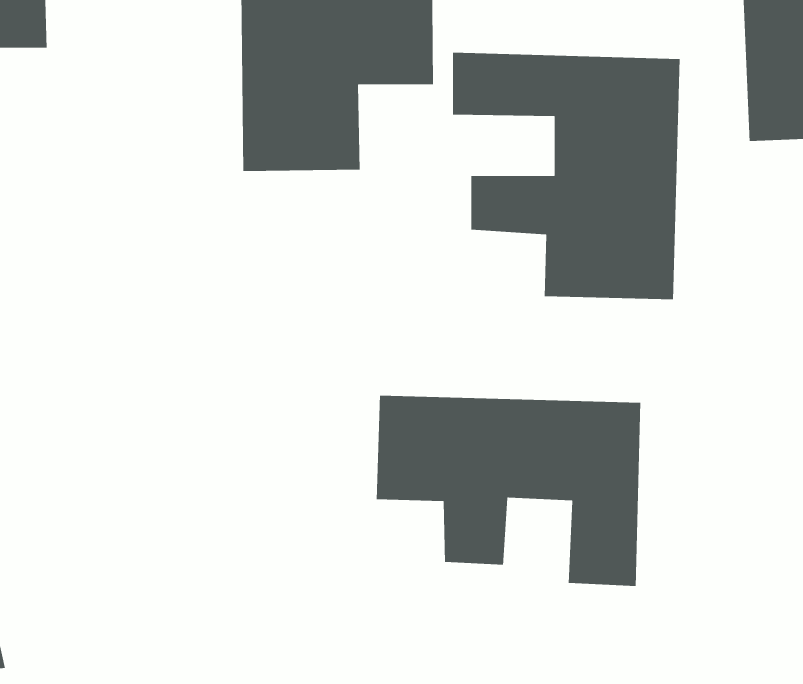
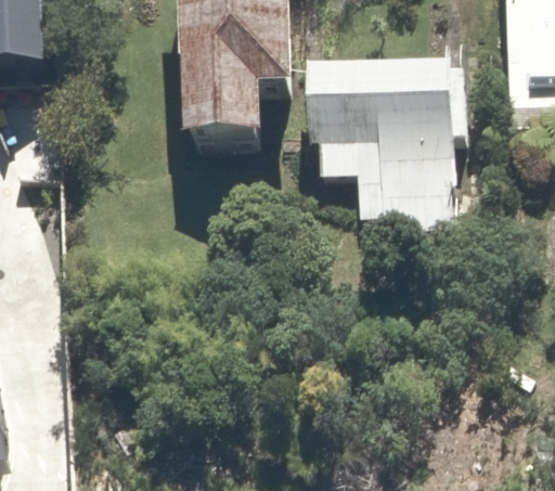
building: [376,395,641,587] -> none

